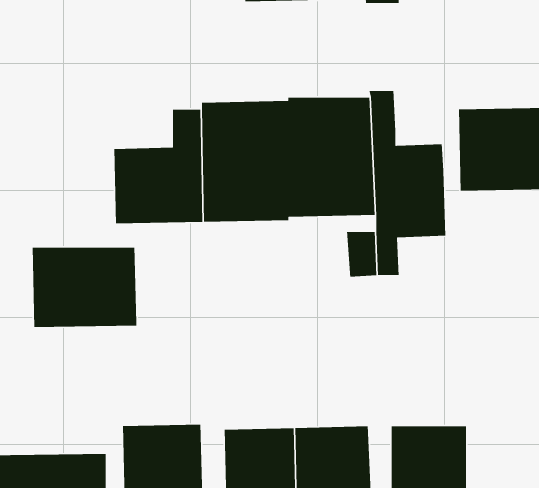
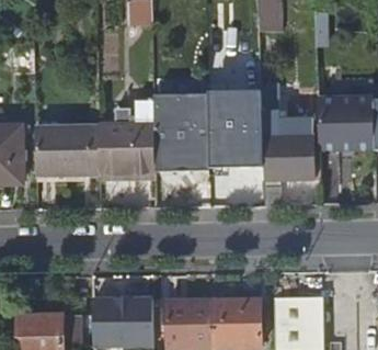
building: [32,247,137,328] -> [33,122,100,173]

